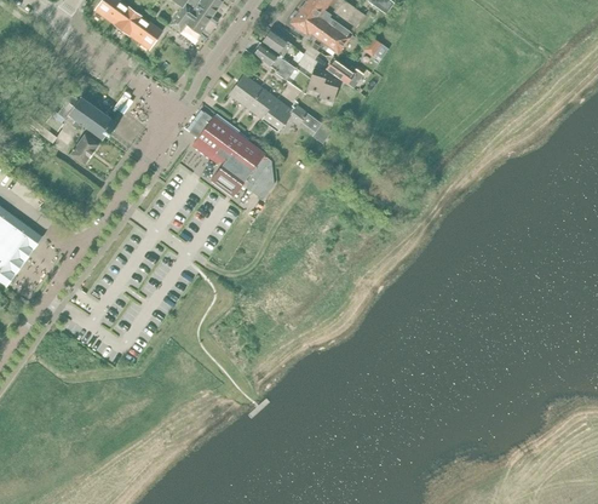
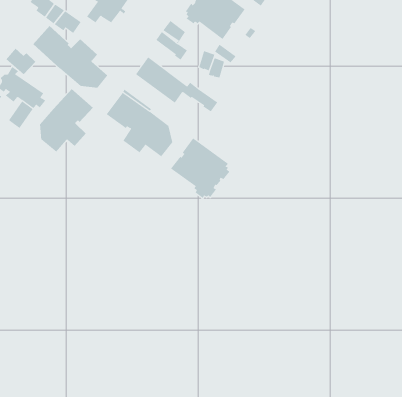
building: none -> [33,25,108,89]
building: none -> [6,48,36,75]
building: none -> [40,88,94,152]
building: none -> [170,137,230,199]

